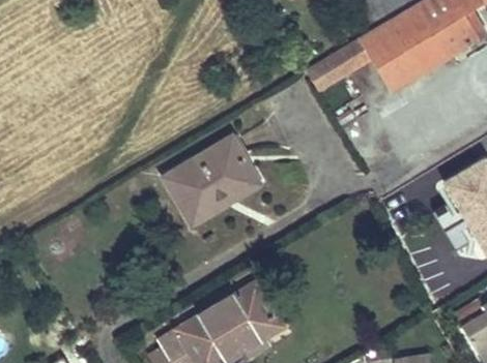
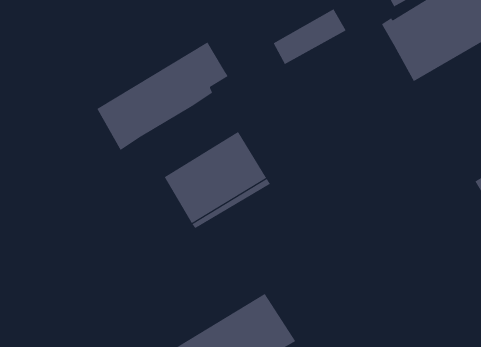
building: [306,38,372,89] -> [273,9,347,65]
building: none -> [96,41,229,151]

